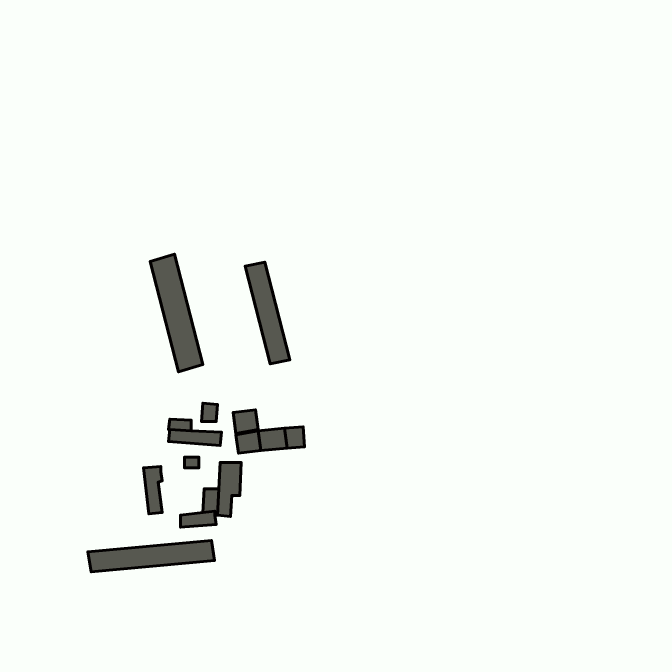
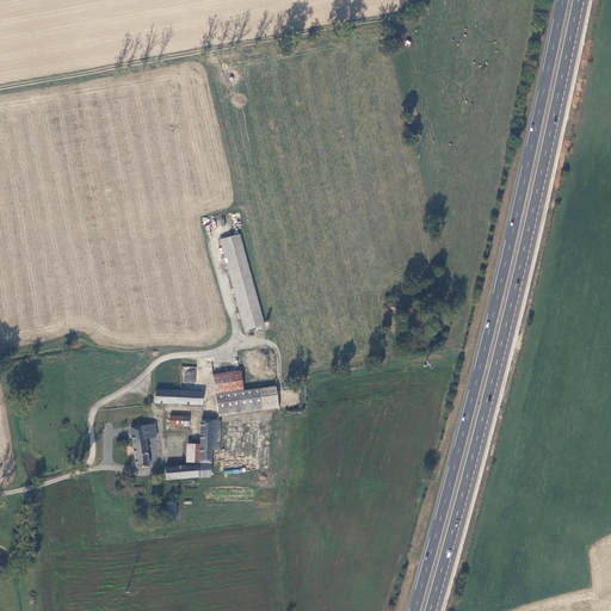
building: [150,254,203,372] -> none
building: [88,541,214,572] -> none

